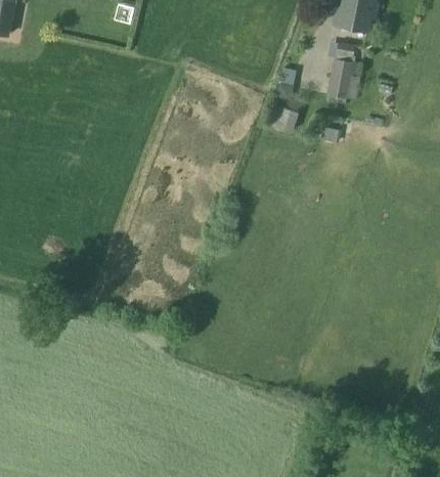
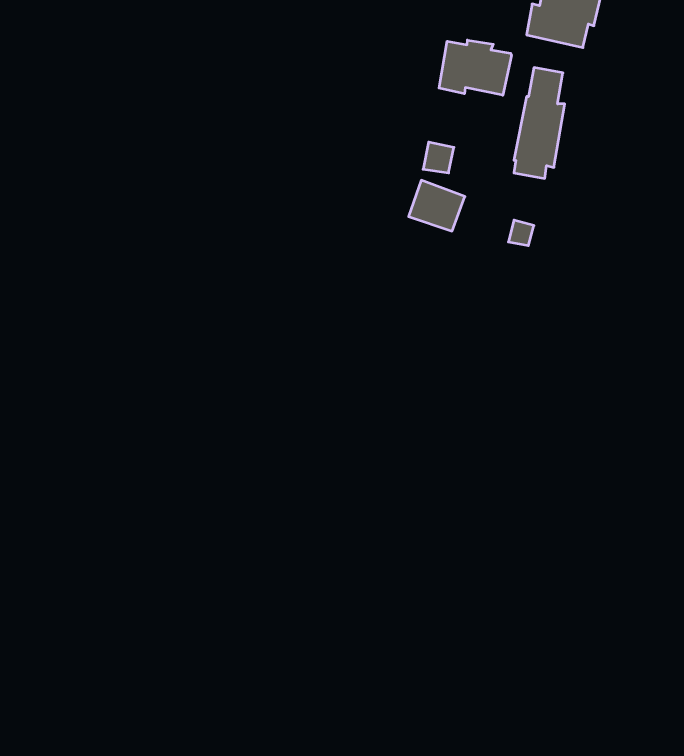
building: none -> [439,40,511,95]

